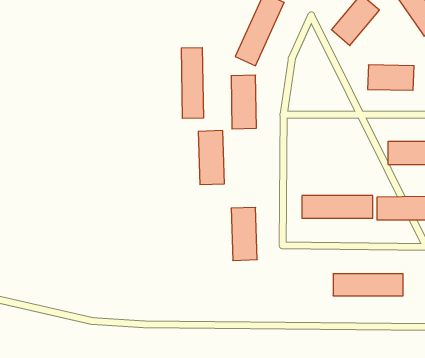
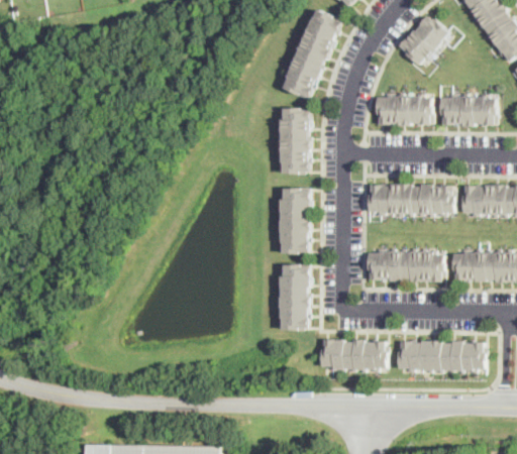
building: [181,48,203,118] -> none
building: none -> [379,95,434,126]
building: [198,131,224,185] -> [281,189,312,253]
building: none -> [369,187,453,214]
building: none -> [324,340,388,371]

